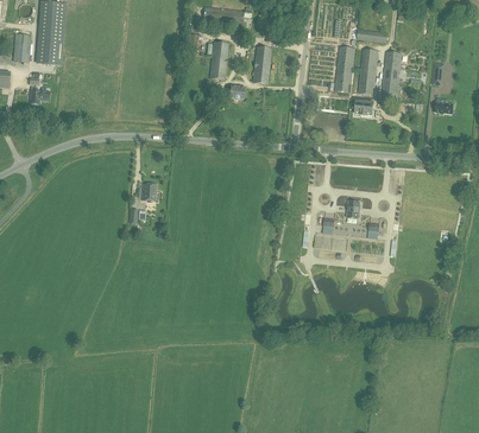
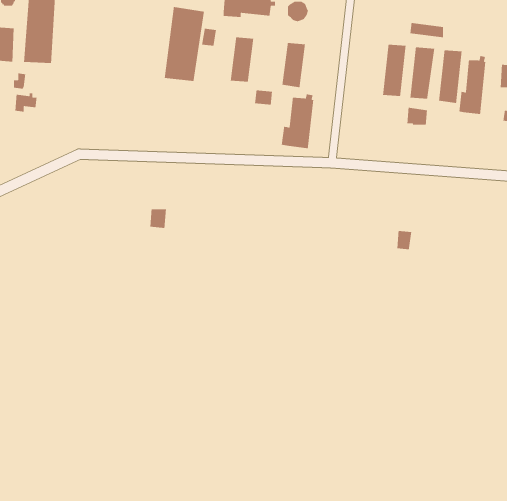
building: none -> [164,6,205,82]
building: none -> [458,55,486,115]
building: none -> [281,93,314,149]

